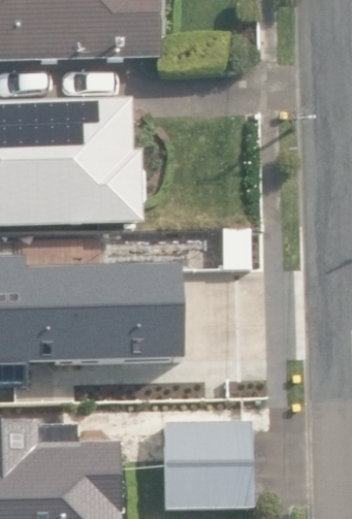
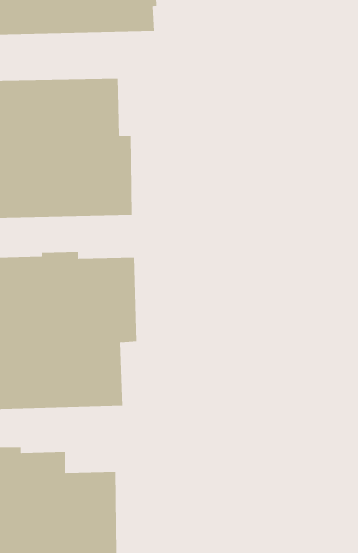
building: [163,417,250,505] -> none

